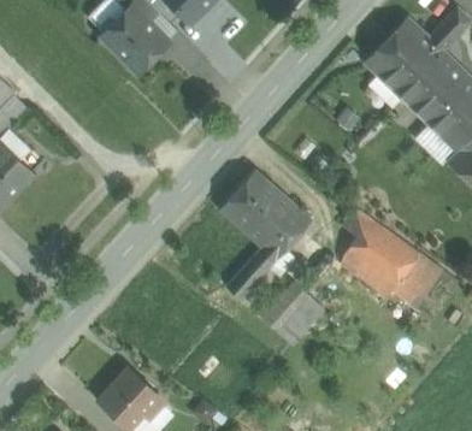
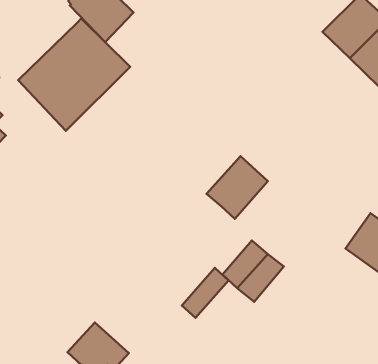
building: none -> [18,19,130,131]
building: [218,169,281,232] -> none
building: [340,207,418,296] -> none
building: [225,246,275,299] -> [182,268,229,318]

